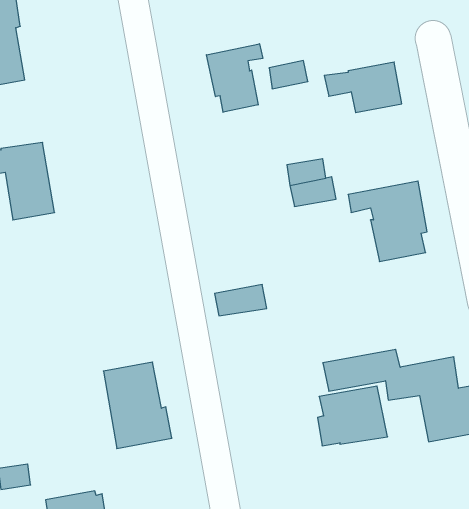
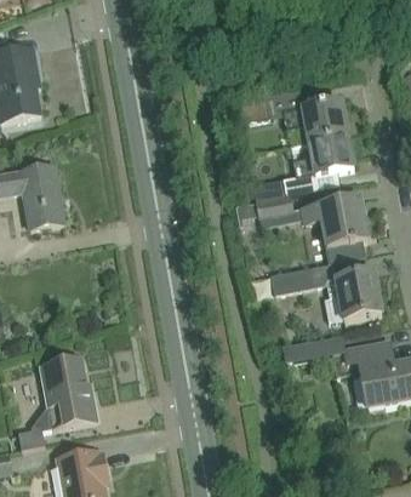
building: [206,44,263,112] -> none
building: none -> [292,133,353,177]
building: [215,285,267,316] -> [270,267,313,292]
building: [103,362,172,449] -> [41,358,97,428]
building: [318,386,388,446] -> [325,272,382,320]

